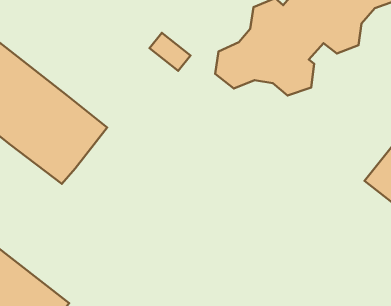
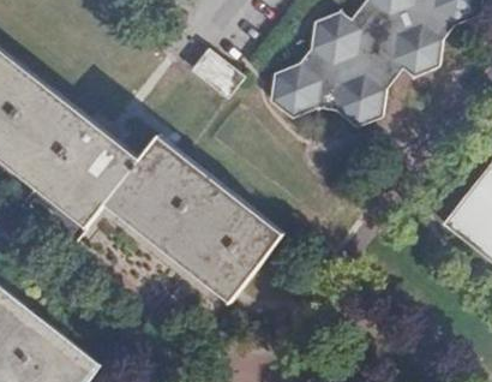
building: none -> [107,148,278,306]

